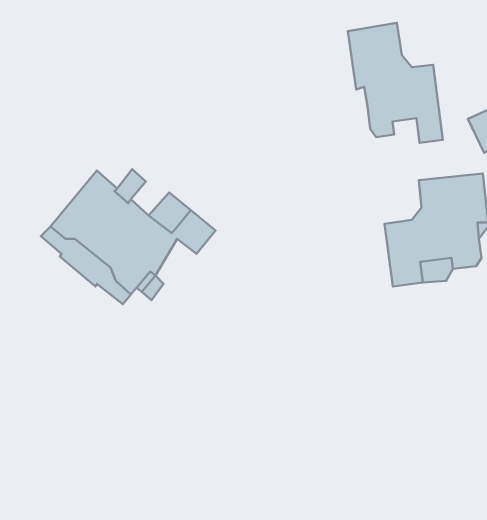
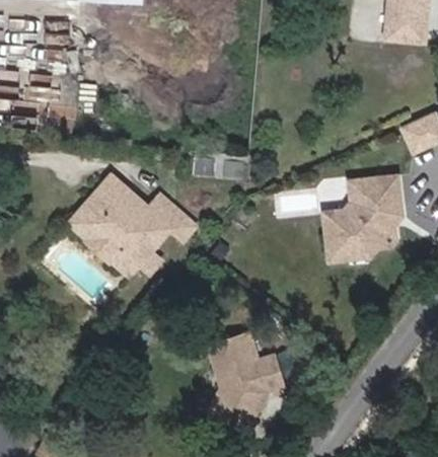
building: [348,23,443,143] -> none
building: none -> [211,328,284,427]

